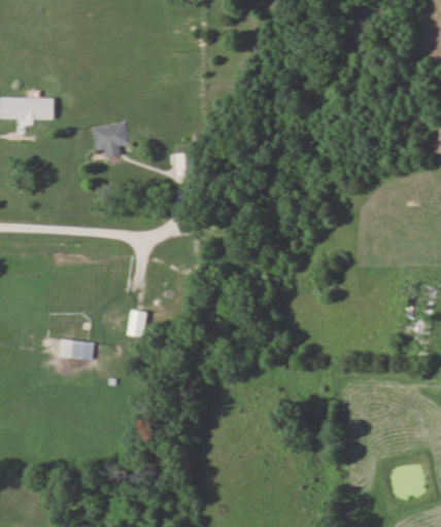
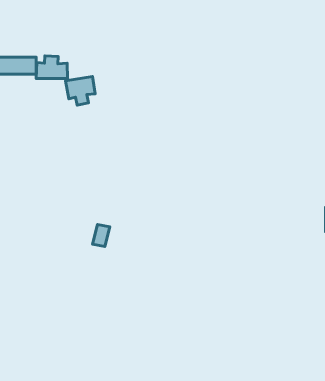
building: none -> [36,56,67,78]
building: [61,340,94,357] -> none

